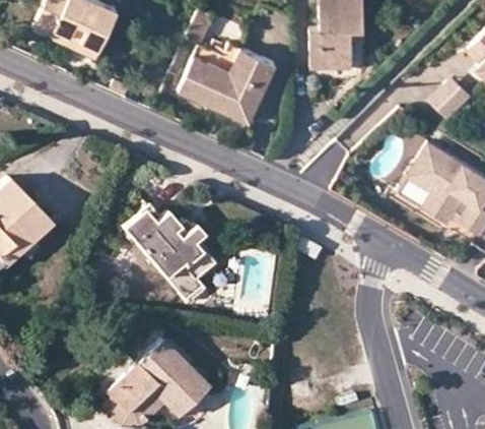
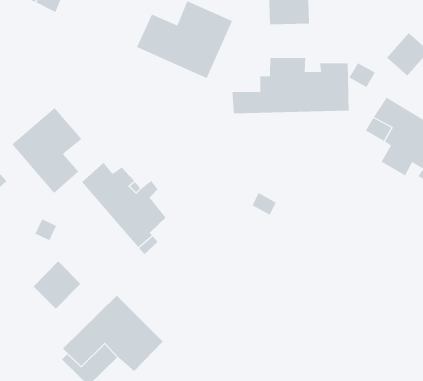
building: none -> [232,57,349,114]
building: none -> [11,107,82,194]
building: none -> [33,261,81,310]

